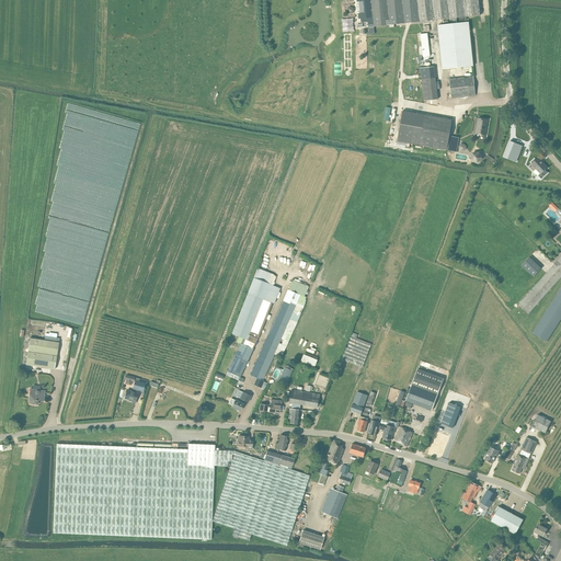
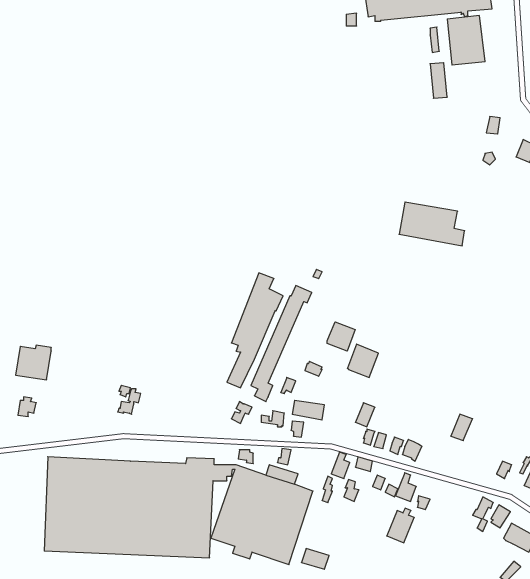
building: [449,75,476,96] -> none
building: [397,110,459,151] -> [399,202,465,246]
building: none -> [327,322,355,351]
building: [405,367,444,409] -> none
building: [321,484,347,517] -> [387,508,414,543]

